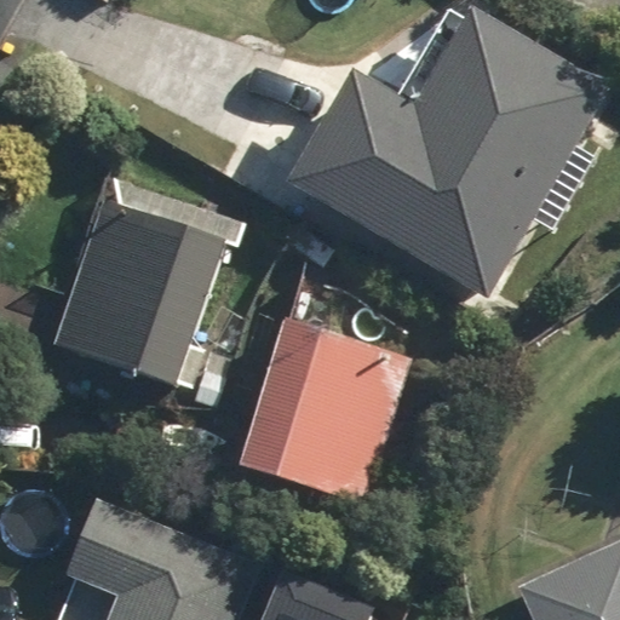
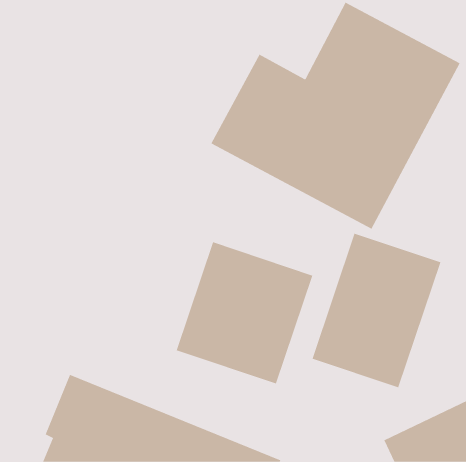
building: [53,178,248,390] -> none
building: none -> [312,233,441,388]

